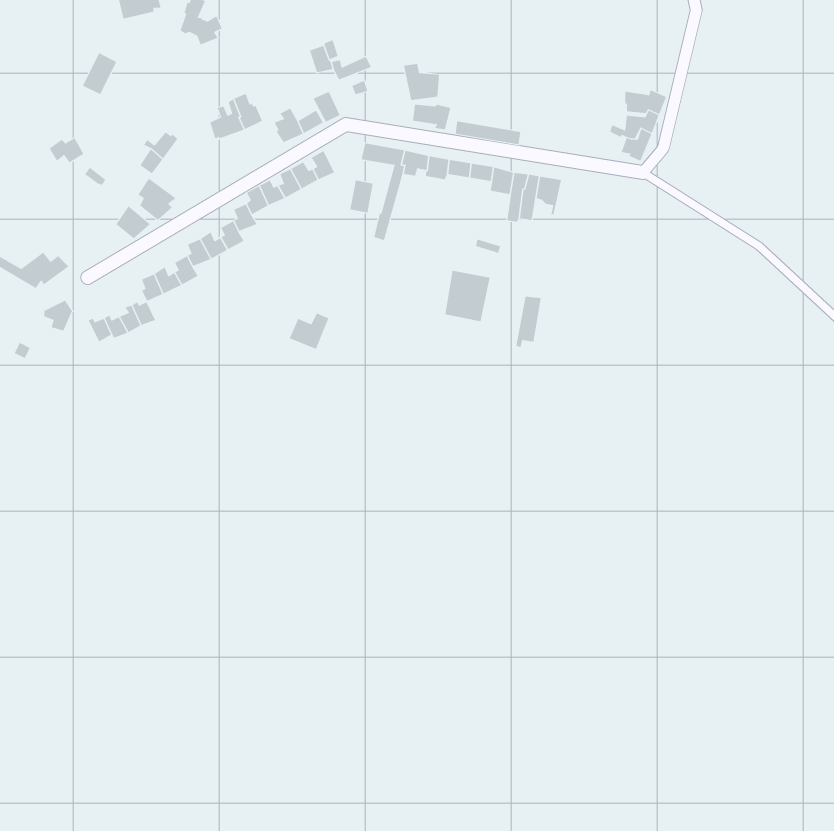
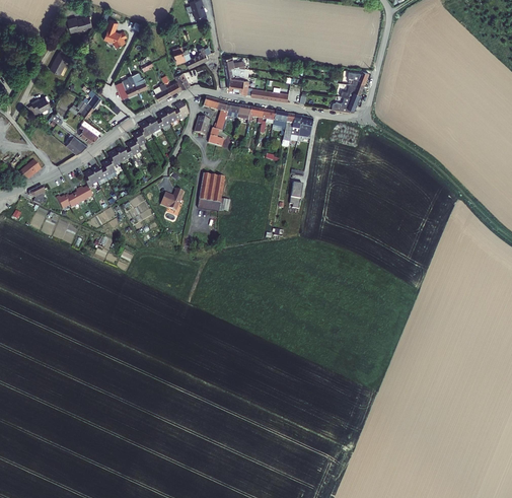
building: [444,270,490,322] -> [198,174,223,203]

